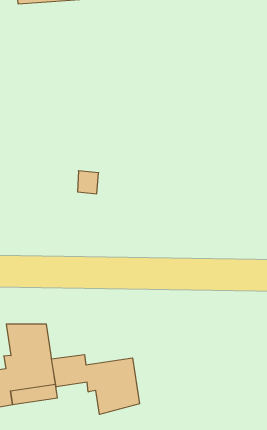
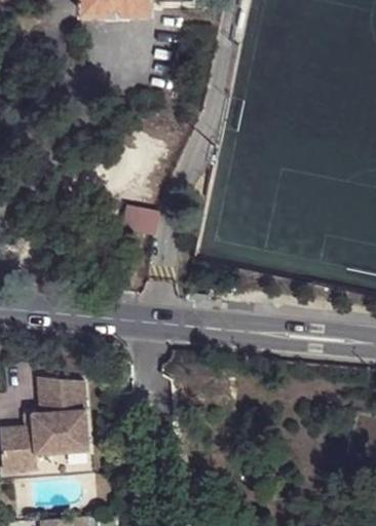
building: [52,355,139,414] -> none

